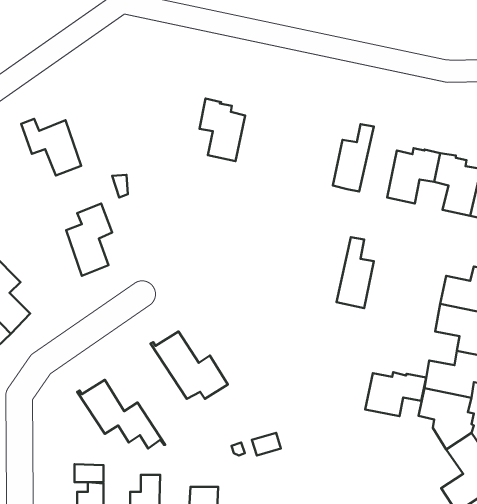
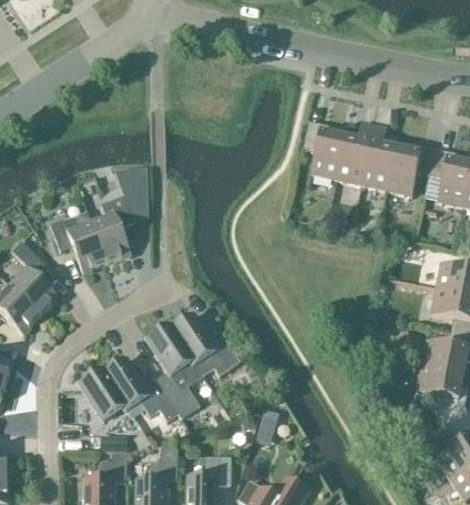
building: [199,99,245,161] -> [303,121,345,179]
building: [21,119,81,176] -> [50,219,105,271]
building: [337,237,374,308] -> [360,124,395,190]
building: none -> [146,324,202,417]
building: [365,372,426,416] -> none
building: none -> [79,368,126,418]

